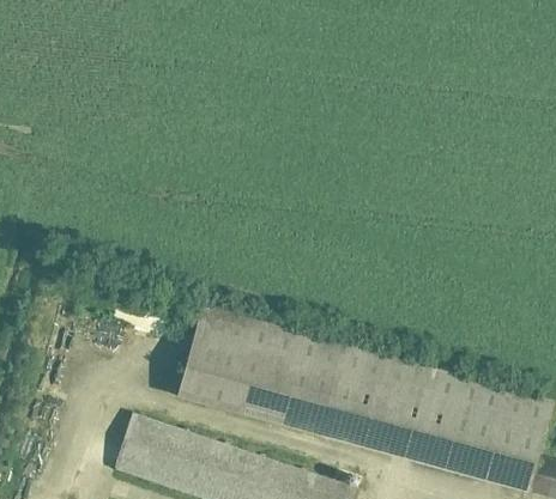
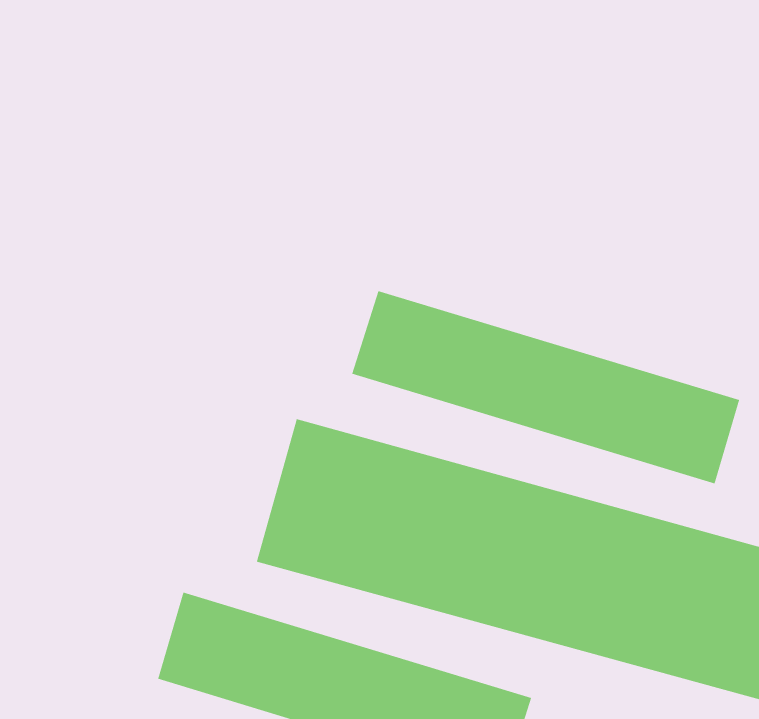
building: none -> [351,290,740,485]

